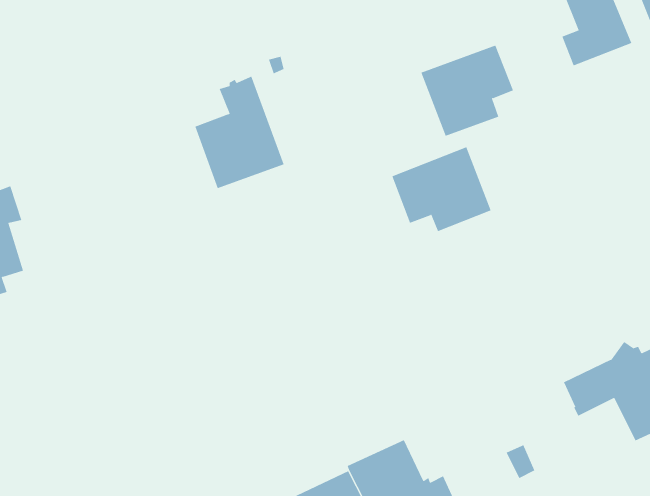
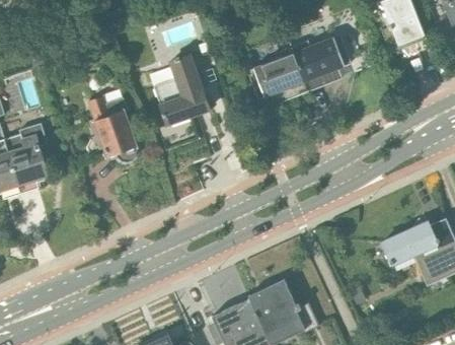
building: none -> [89,96,137,160]
building: [392,147,492,232] -> [247,53,309,106]

